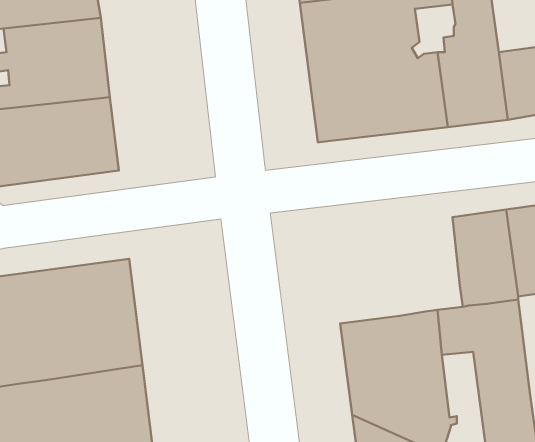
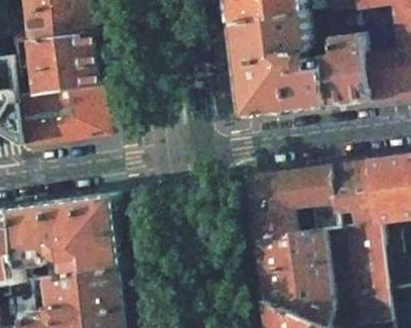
building: none -> [246,167,335,238]

